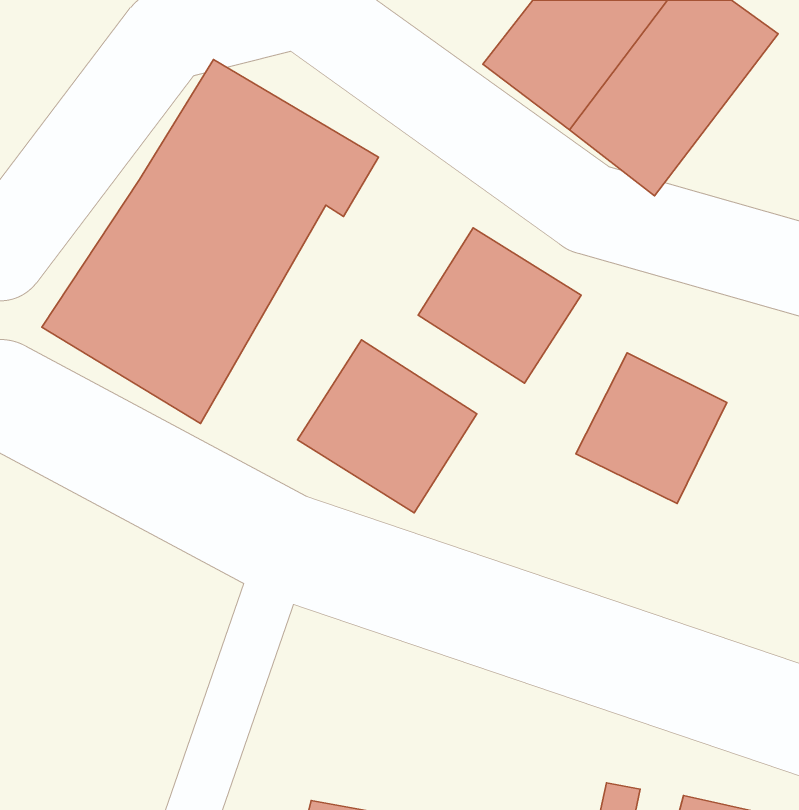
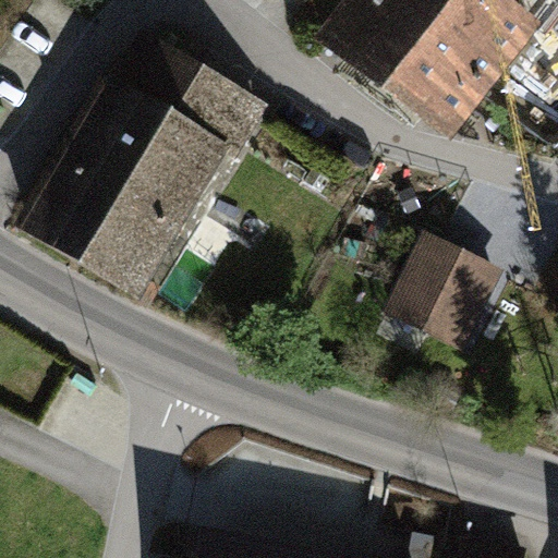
building: [418,228,581,383] -> none
building: [297,340,477,513] -> none

